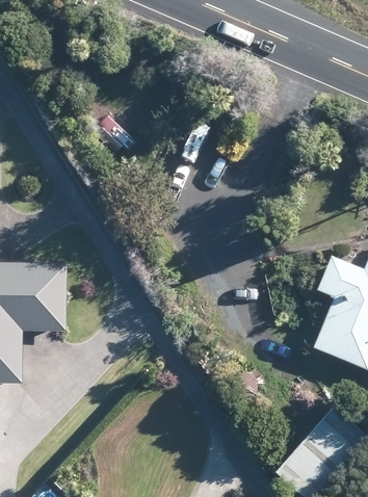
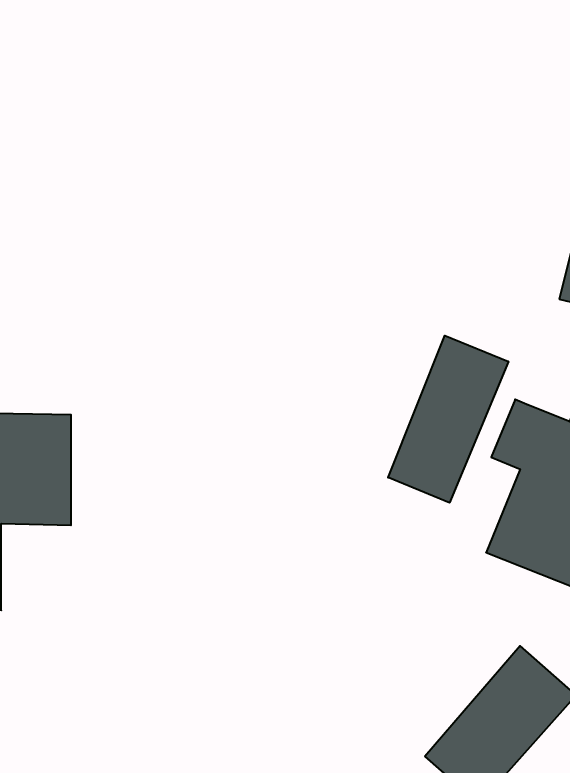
building: none -> [388,336,508,503]

